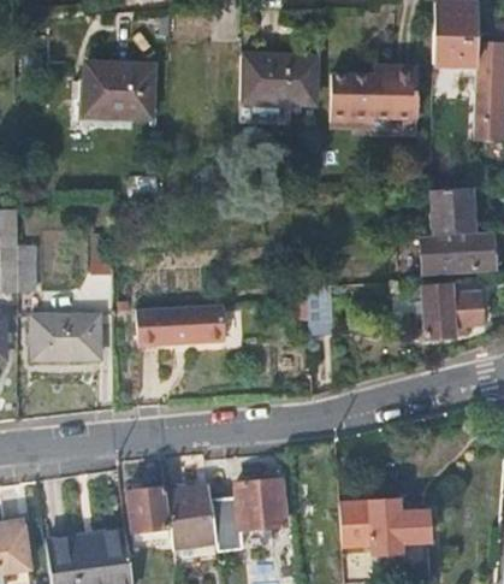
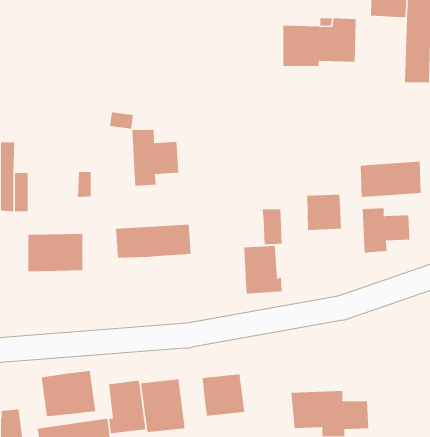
building: [243,52,321,102] -> none
building: [83,65,153,120] -> none
building: [431,187,474,236] -> none
building: none -> [132,129,179,186]
building: none -> [307,194,341,231]
building: none -> [244,245,282,295]
building: none -> [41,370,96,417]

